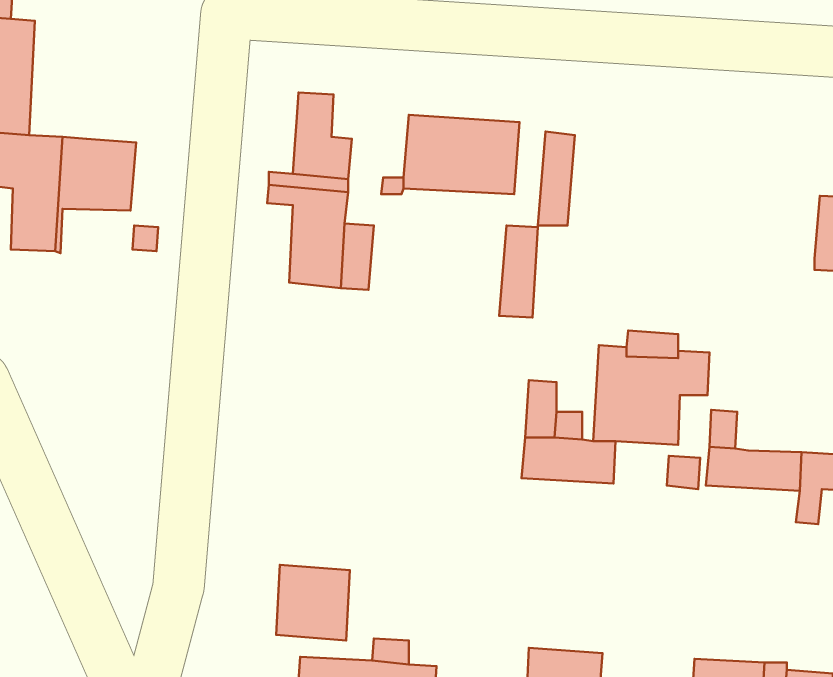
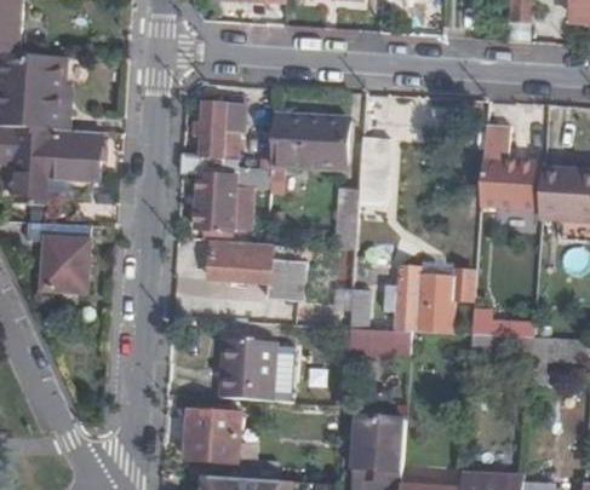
building: none -> [25,54,64,132]
building: none -> [481,126,545,211]
building: none -> [23,223,87,294]
building: none -> [211,240,303,299]
building: none -> [224,339,276,402]
building: none -> [354,414,405,469]

